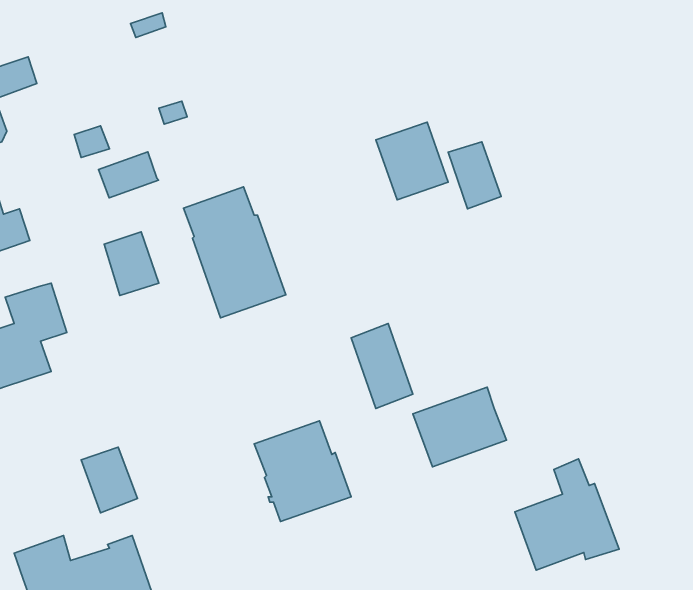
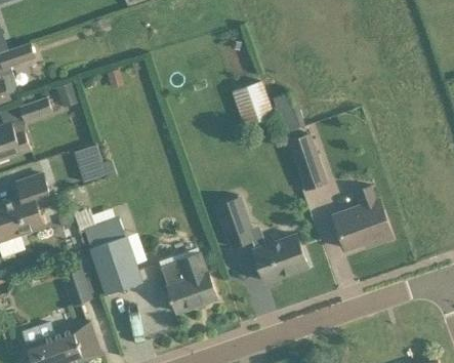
building: [99,152,159,198] -> [18,96,53,123]
building: [184,187,286,318] -> [84,219,143,295]
building: none -> [288,132,328,191]
building: [515,459,619,570] -> [333,185,394,249]

